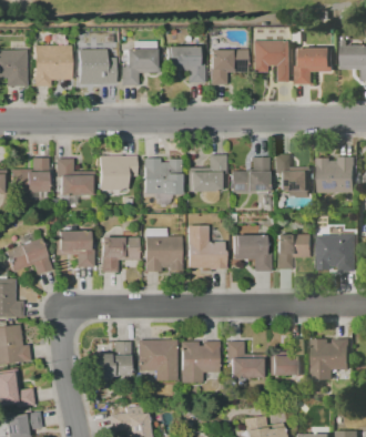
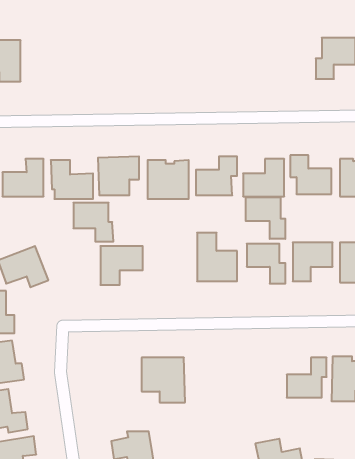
building: [254,40,293,81] -> none
building: [122,42,157,85] -> none
building: [34,45,72,84] -> none
building: [170,45,205,82] -> none
building: [80,49,116,82] -> none
building: [211,49,248,84] -> none
building: none -> [246,197,285,239]
building: [57,231,93,266] -> [73,203,113,242]
building: [145,236,182,272] -> none
building: [227,341,265,378] -> none
building: [93,342,132,376] -> none
building: [182,342,220,382] -> none

